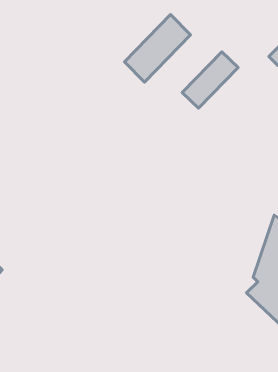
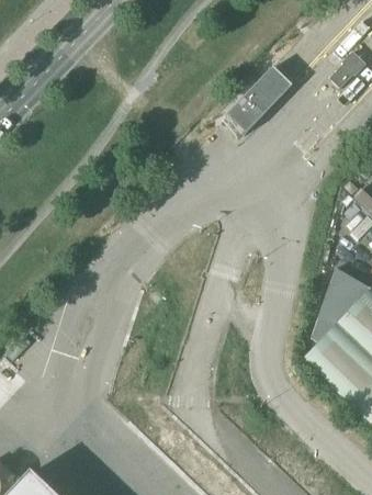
building: [124,15,191,82] -> none

